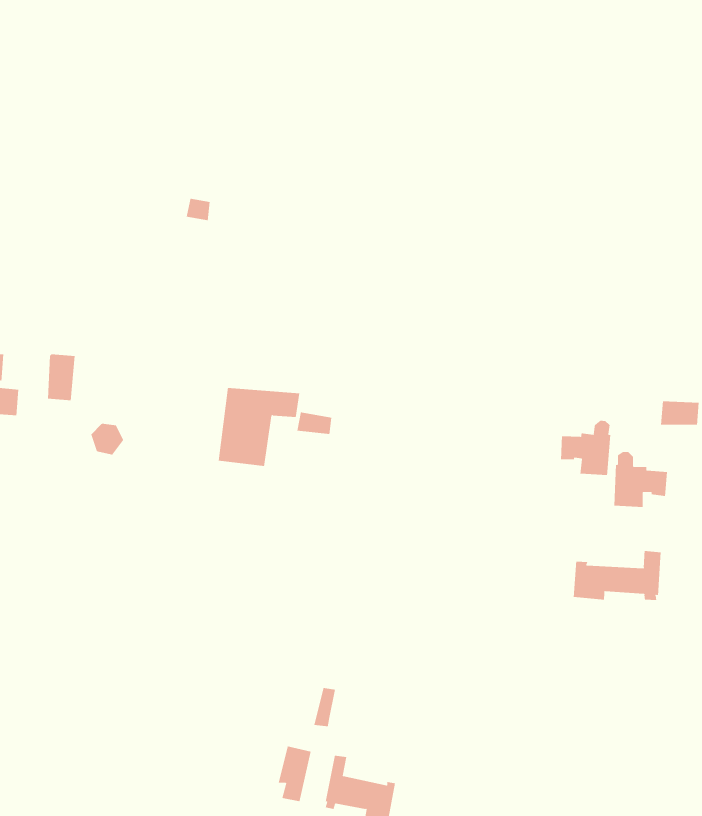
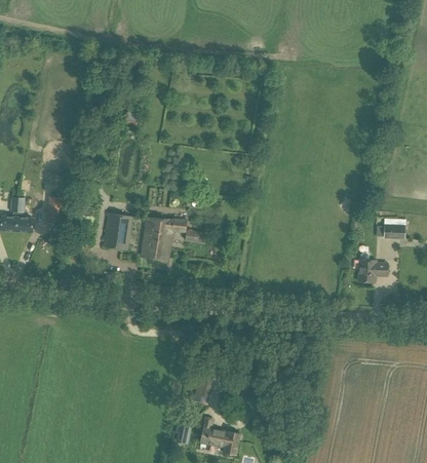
building: none -> [103,213,131,250]
building: [560,420,611,476] -> none
building: [573,550,661,601] -> none

